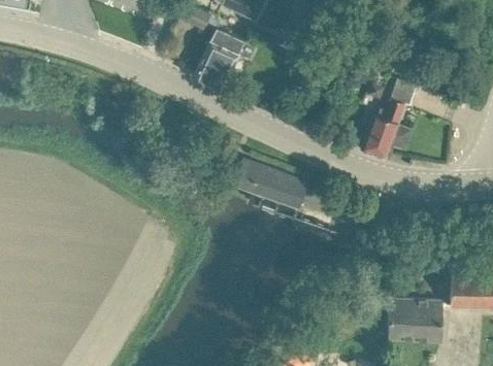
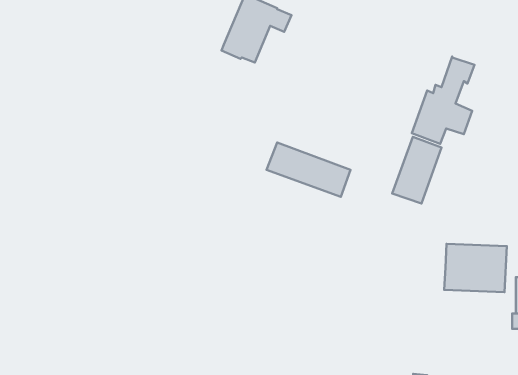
building: none -> [392,137,441,204]
building: [388,298,442,340] -> [444,244,507,292]

